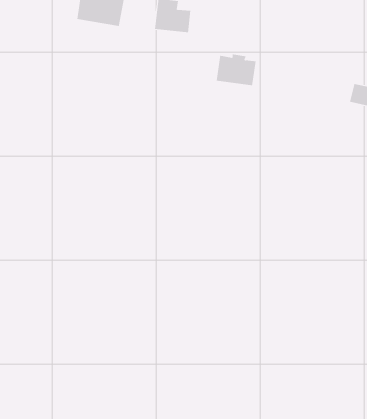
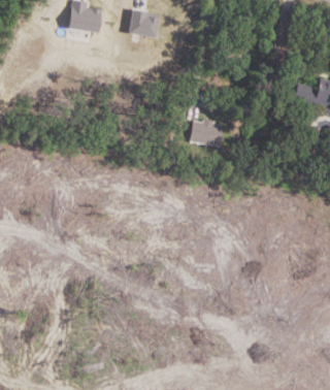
building: [216,54,256,86] -> [189,118,223,144]

